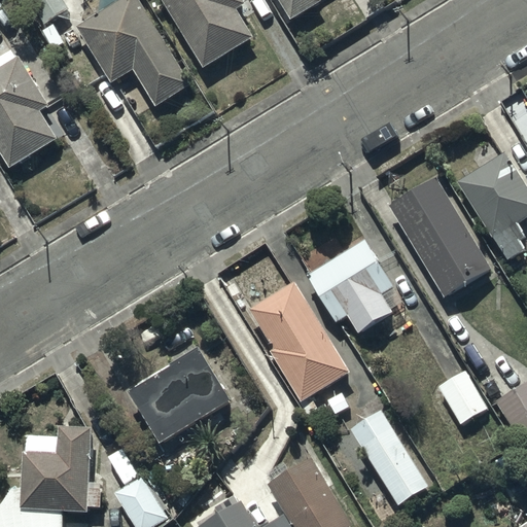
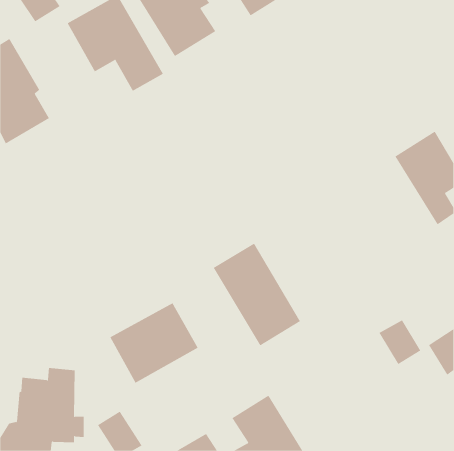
building: [388,178,491,297] -> none
building: [306,241,394,332] -> none
building: [351,408,428,501] -> none

